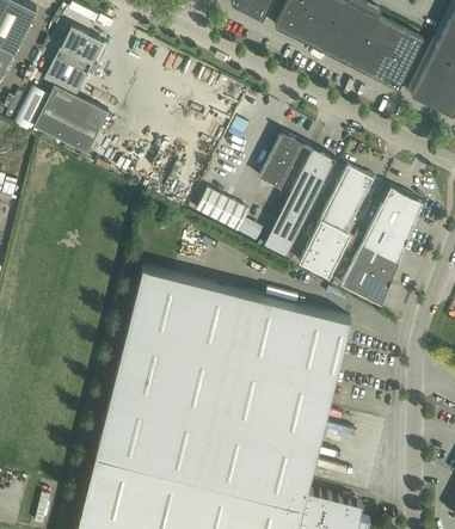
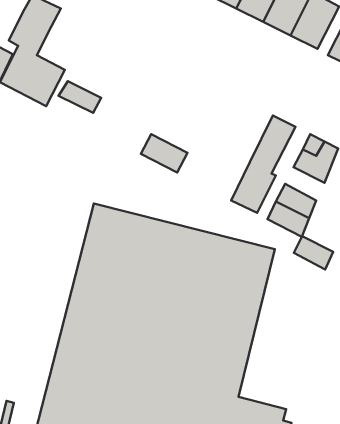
building: none -> [58,81,101,113]
building: [259,133,303,189] -> none
building: [264,147,336,256] -> none
building: [362,224,407,263] -> [294,236,333,269]

